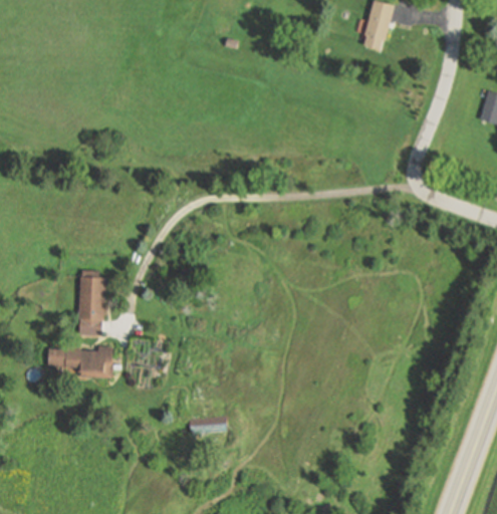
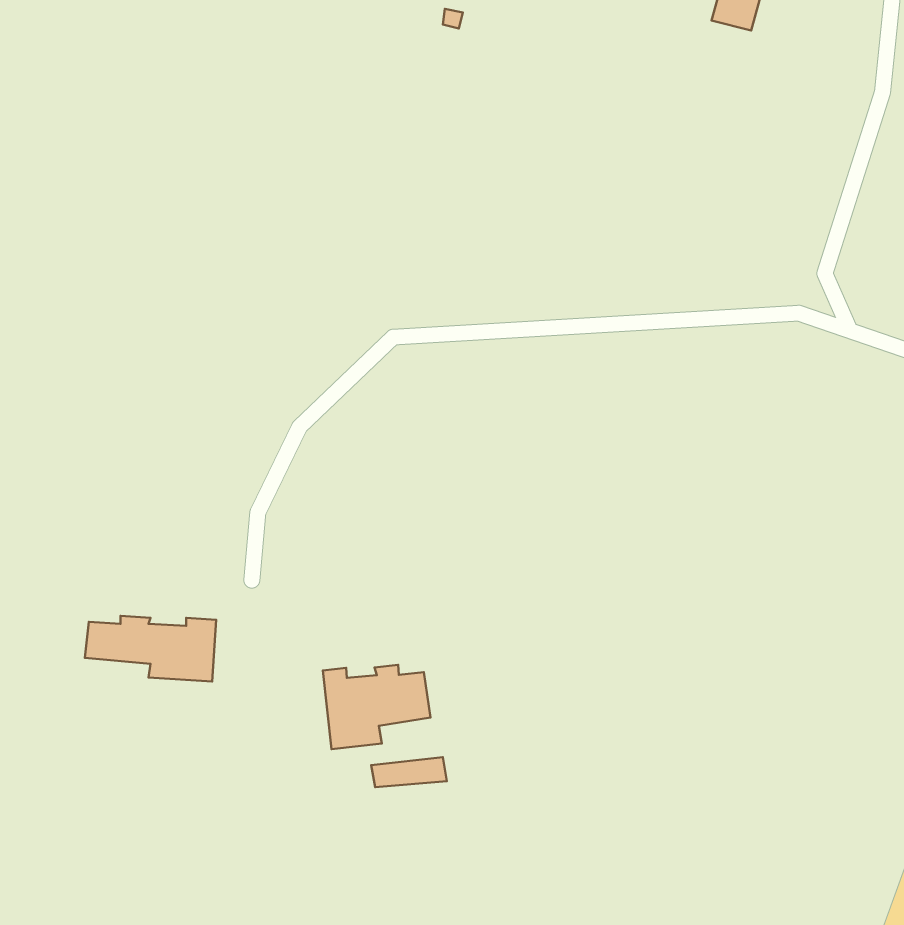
building: [76,270,104,335] -> none
building: none -> [323,665,430,749]

